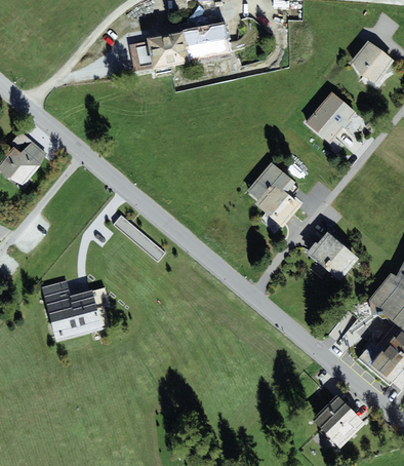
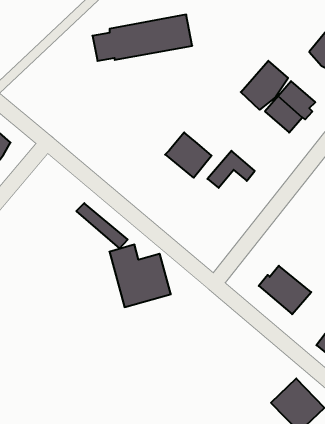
building: none -> [241,61,288,110]
building: [253,181,300,227] -> [165,132,212,178]
building: [306,231,359,280] -> [259,266,311,314]
building: [40,278,103,342] -> [109,245,171,307]

